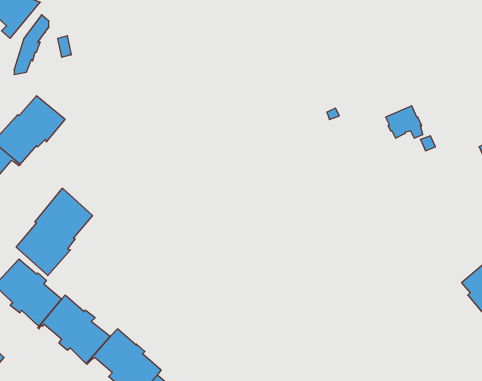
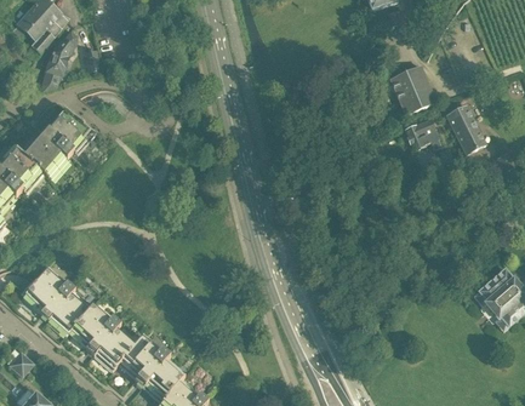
building: none -> [390,64,436,114]
building: none -> [446,104,484,153]
building: [16,188,92,276] -> none

